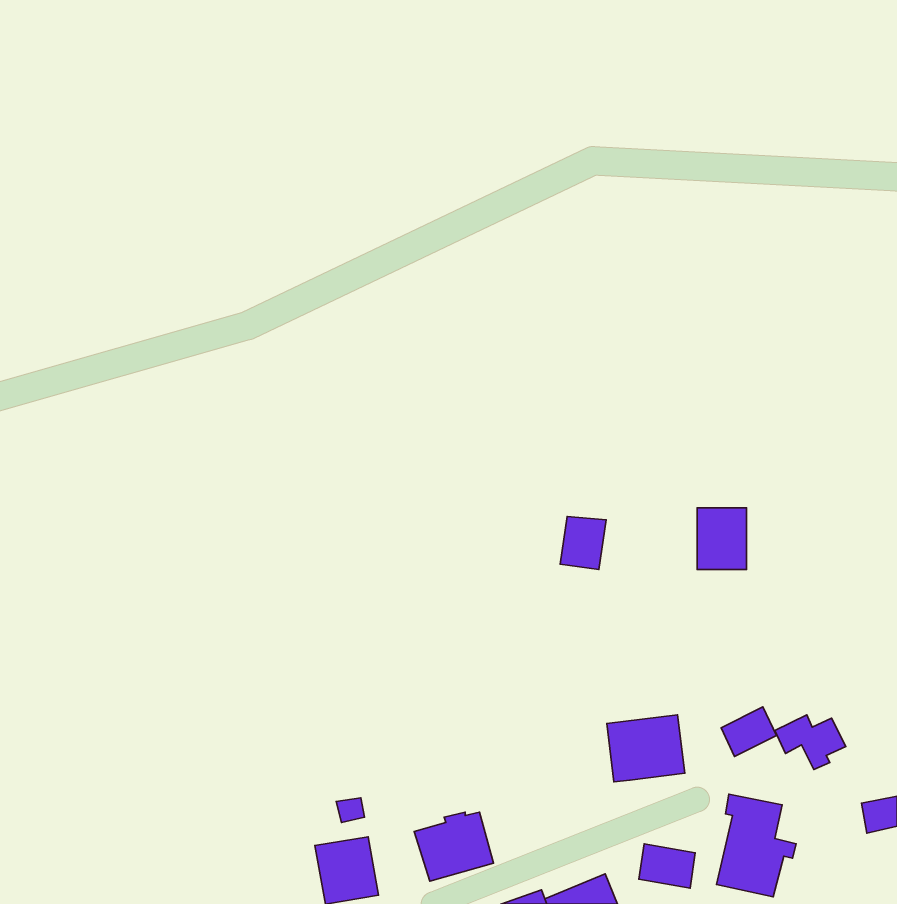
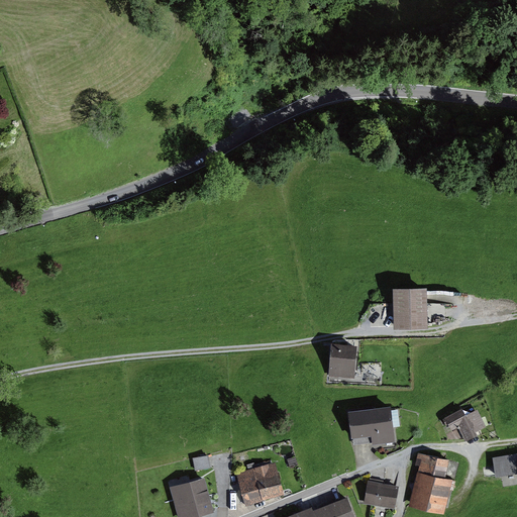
building: [560,516,606,570] -> [330,345,356,376]
building: [721,707,776,756] -> none

